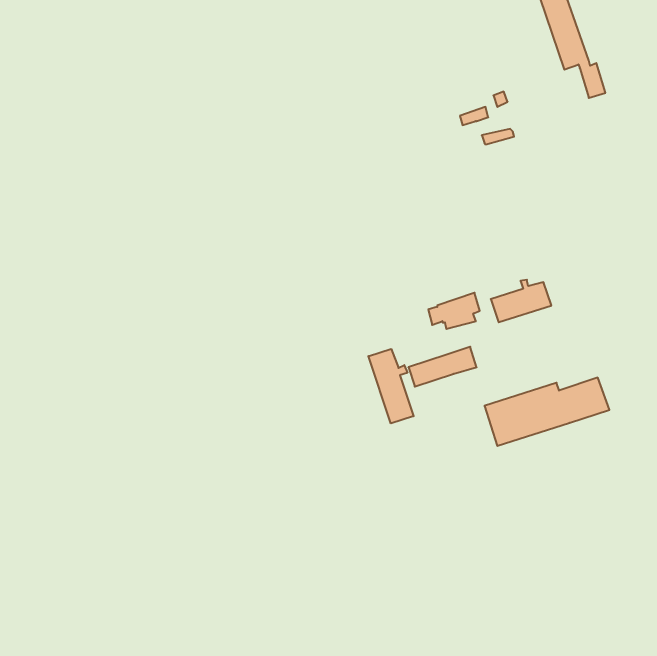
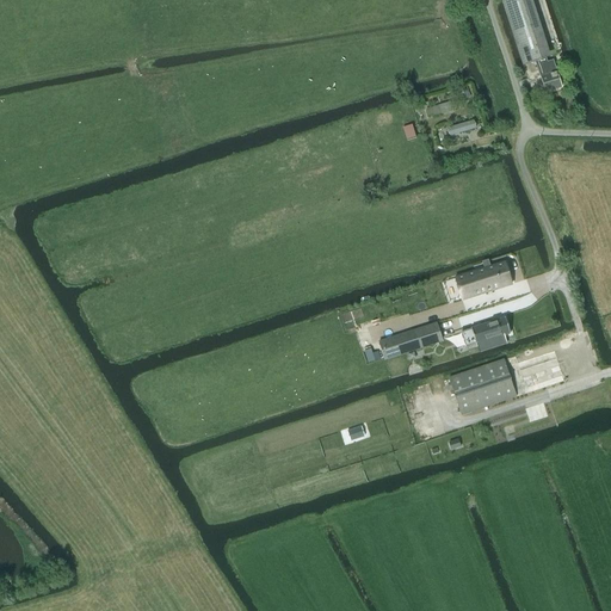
building: [428,293,480,329] -> [463,315,511,348]
building: [368,349,414,423] -> none

